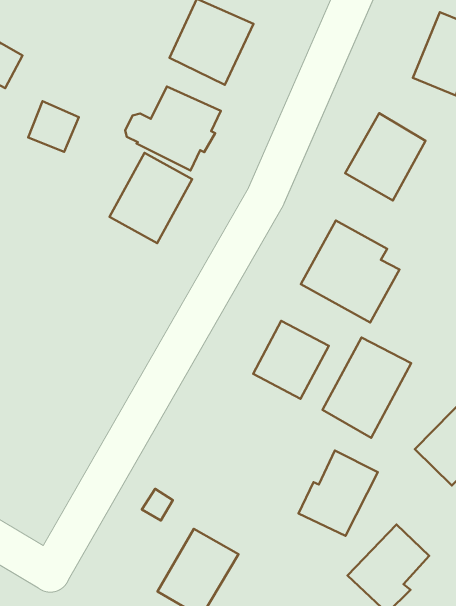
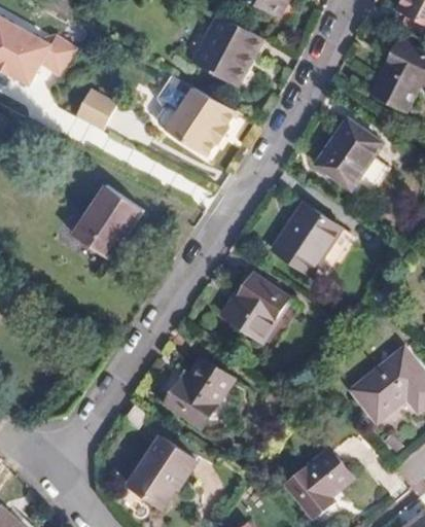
building: [110,153,192,243] -> [67,174,136,247]
building: [322,337,411,438] -> none
building: [298,451,378,536] -> [169,358,236,427]

